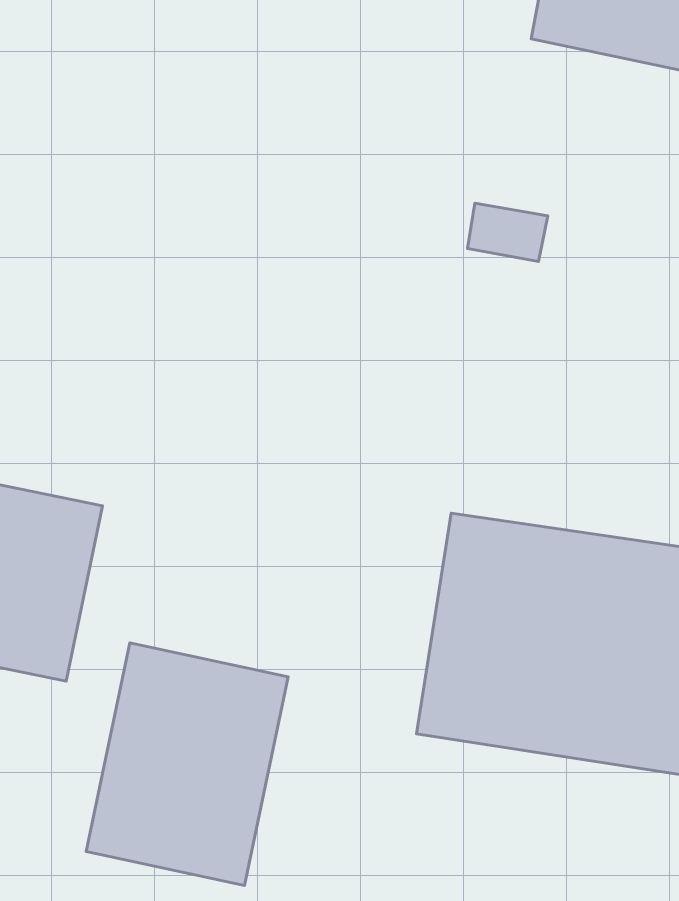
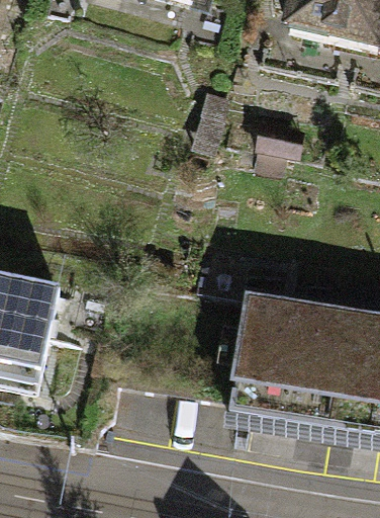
building: [86,643,288,885] -> none

